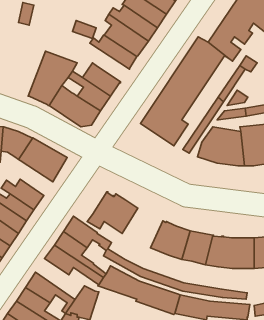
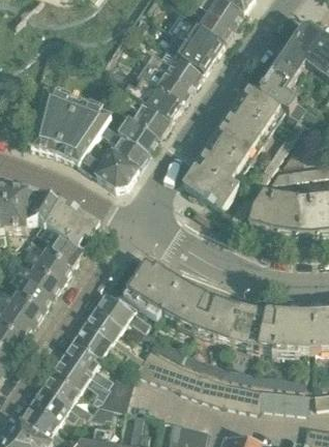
building: none -> [30,89,74,152]
building: none -> [121,91,171,136]
building: none -> [40,226,83,266]
building: none -> [162,280,209,326]
building: none -> [63,338,113,385]

